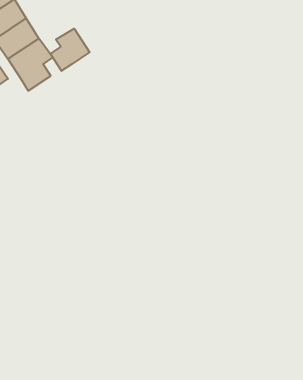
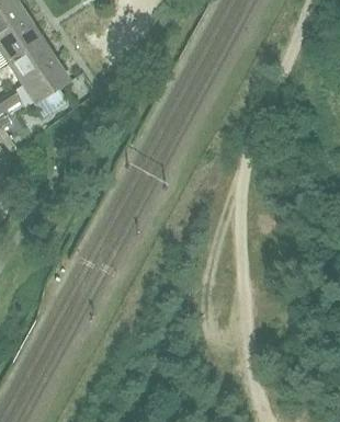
building: [50,29,90,71] -> none

